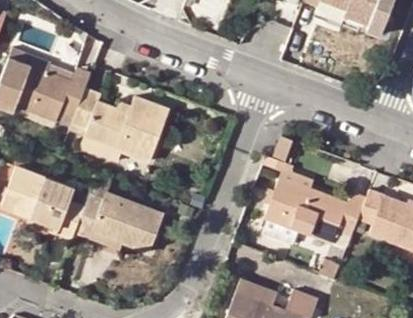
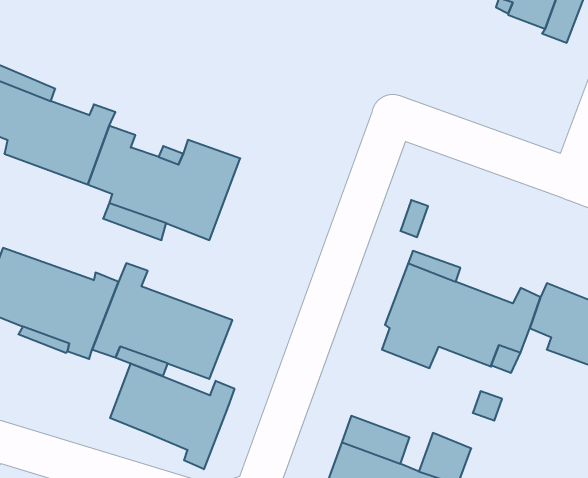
building: none -> [110,363,234,469]

